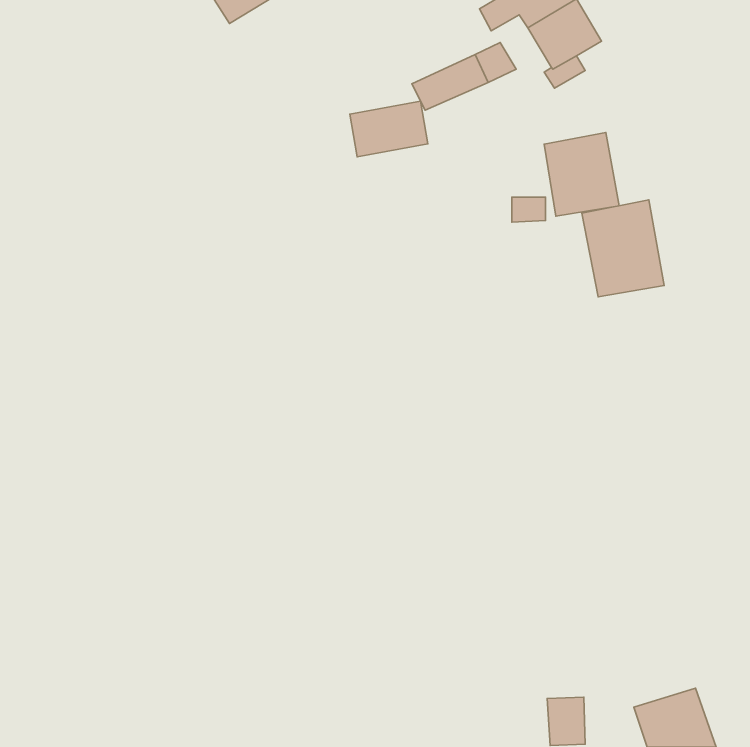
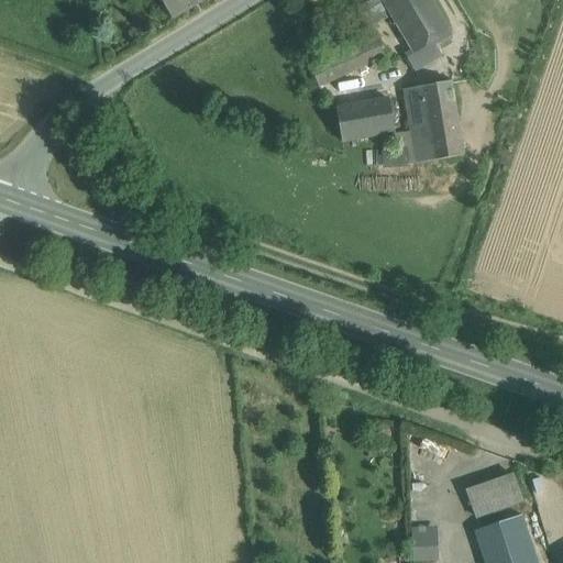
building: [350,101,428,157] -> [336,97,395,139]
building: none -> [405,79,454,108]
building: [582,200,664,297] -> none
building: none -> [466,471,523,517]

